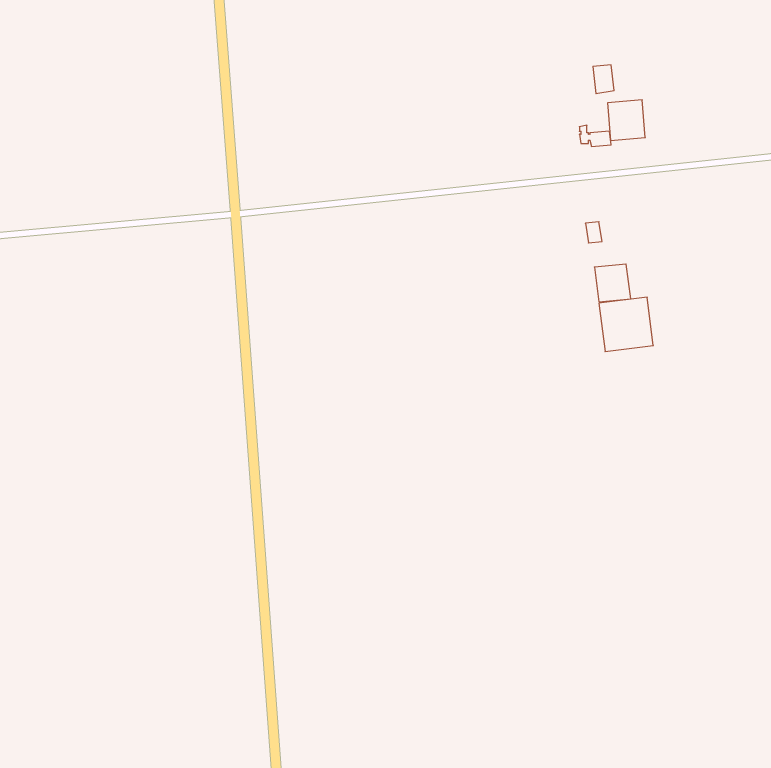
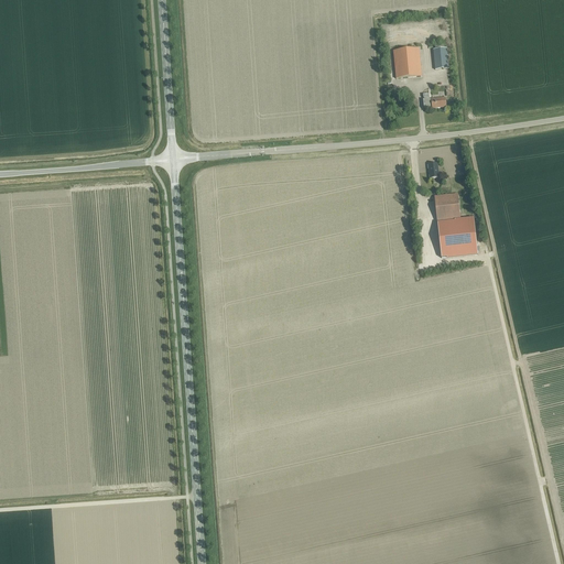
building: [608,100,645,141] -> [393,47,421,77]

